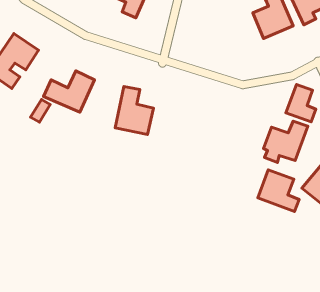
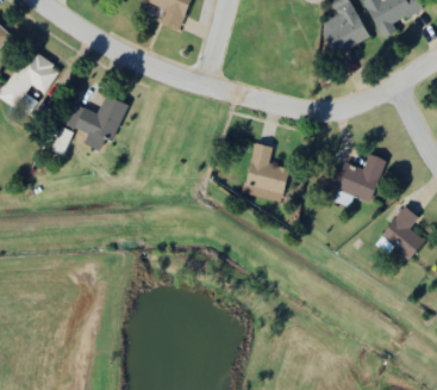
building: [286,84,316,122] -> none
building: [115,86,153,135] -> [243,142,289,200]
building: [258,170,299,211] -> none

